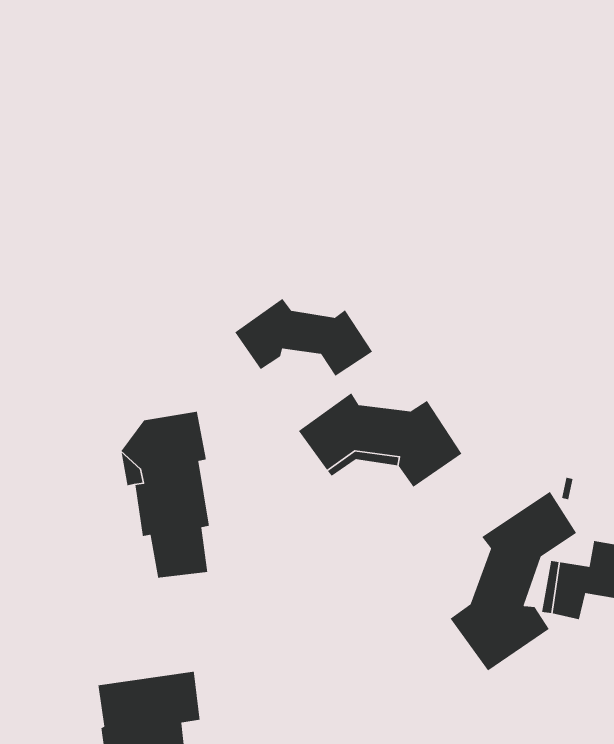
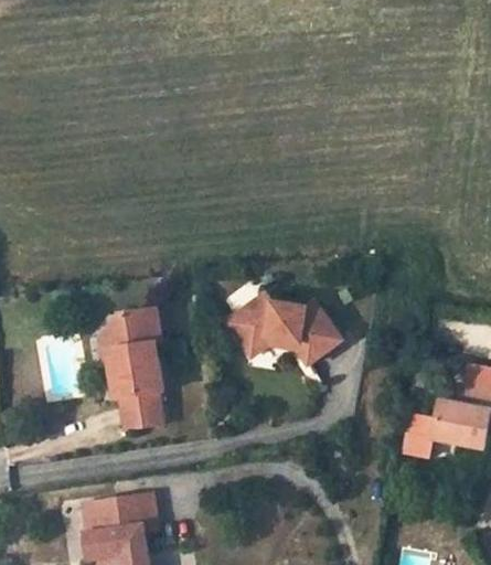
building: [234,298,373,377] -> none
building: [450,491,577,671] -> none

